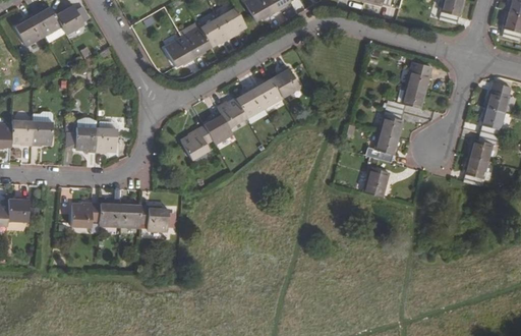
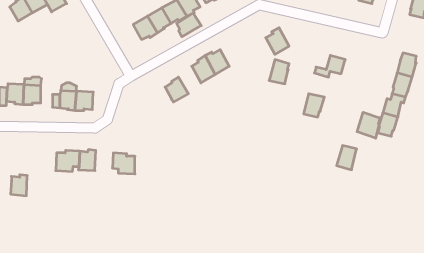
building: none -> [177,13,201,37]
building: [405,61,428,91] -> none
building: [271,66,299,99] -> [266,28,289,54]
building: [217,99,247,129] -> none
building: [379,107,403,136] -> [269,60,289,84]
building: [181,124,212,158] -> none
building: none -> [357,112,380,138]
building: [363,167,388,197] -> [337,146,357,170]
building: [7,197,27,222] -> [11,175,27,196]
building: [118,202,140,227] -> none

